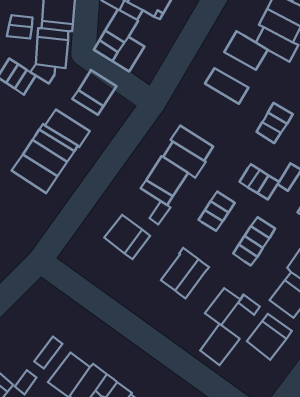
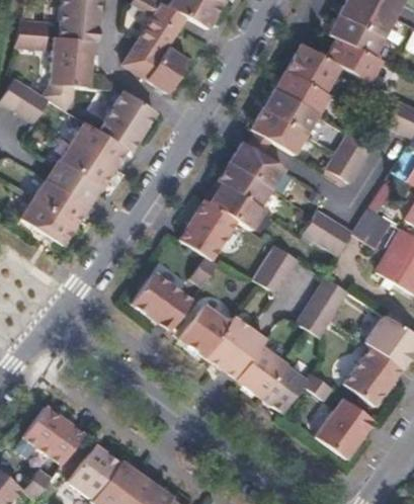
building: none -> [274,69,329,113]
building: none -> [251,108,305,154]
building: none -> [75,122,130,168]
building: none -> [231,142,284,187]
building: none -> [182,305,231,355]
building: none -> [21,407,71,457]
building: [200,324,240,365] -> [238,345,287,397]

